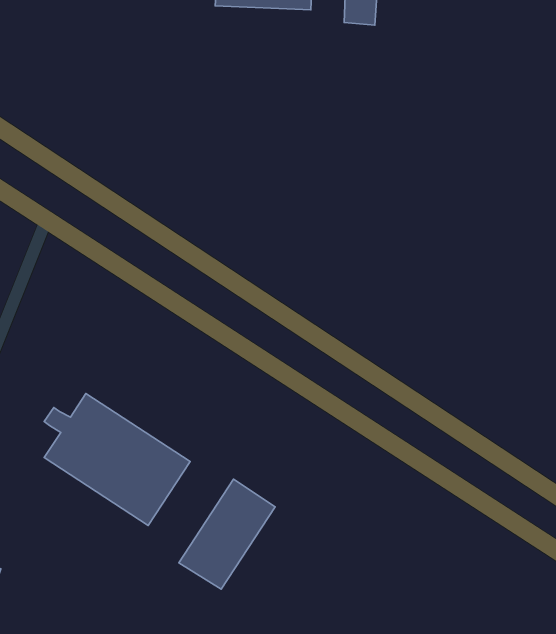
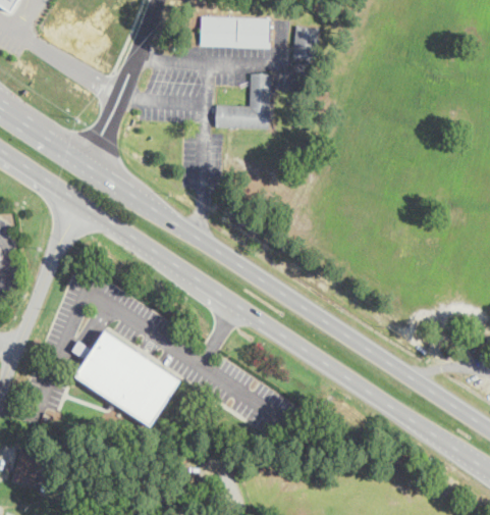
building: none -> [215,73,270,128]
building: [179,479,275,589] -> none

